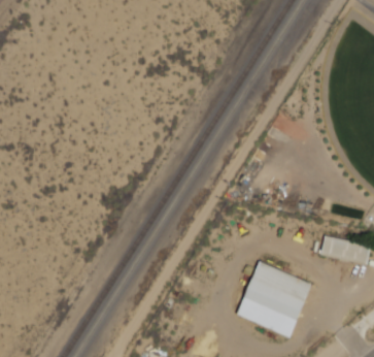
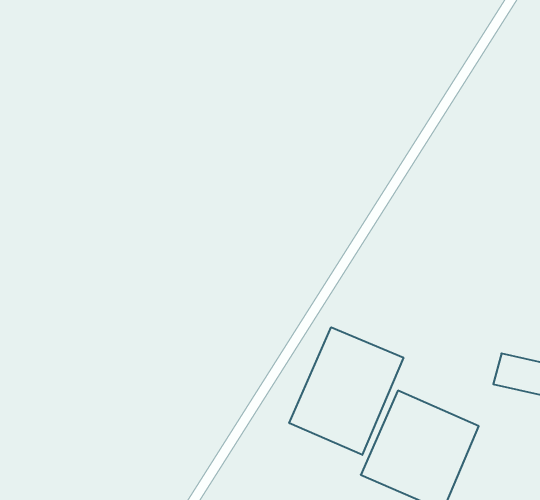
building: none -> [289,327,403,455]

